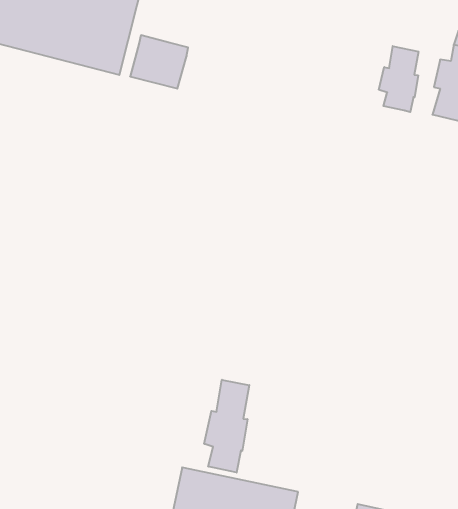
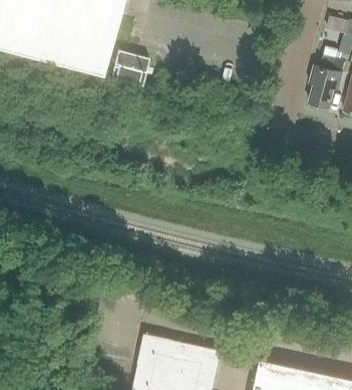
building: [379,46,418,112] -> none
building: [204,380,249,473] -> none

